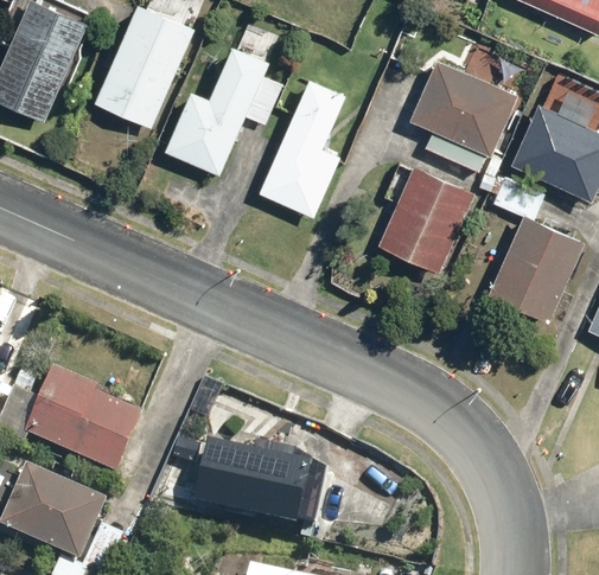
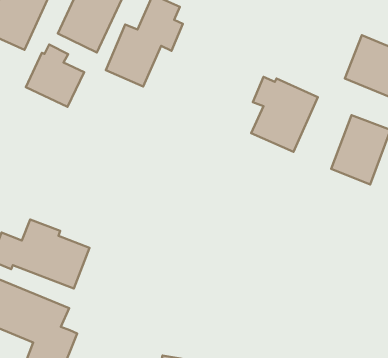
building: [409,58,515,171] -> none
building: [260,77,357,216] -> none
building: none -> [26,45,84,107]
building: [200,441,314,520] -> none

